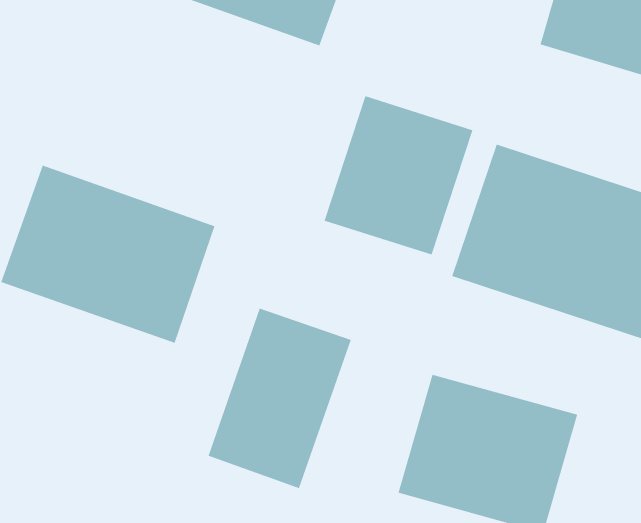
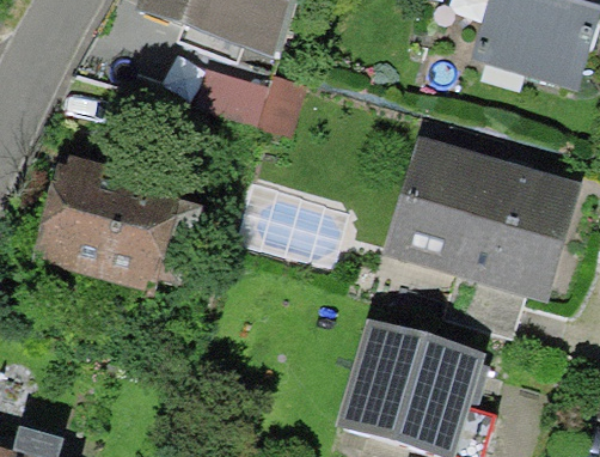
building: [324,95,474,256] -> none
building: [207,307,352,489] -> none

